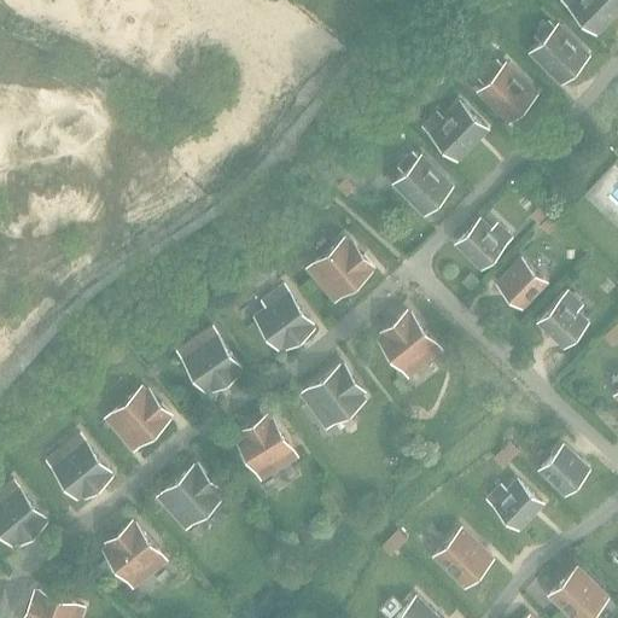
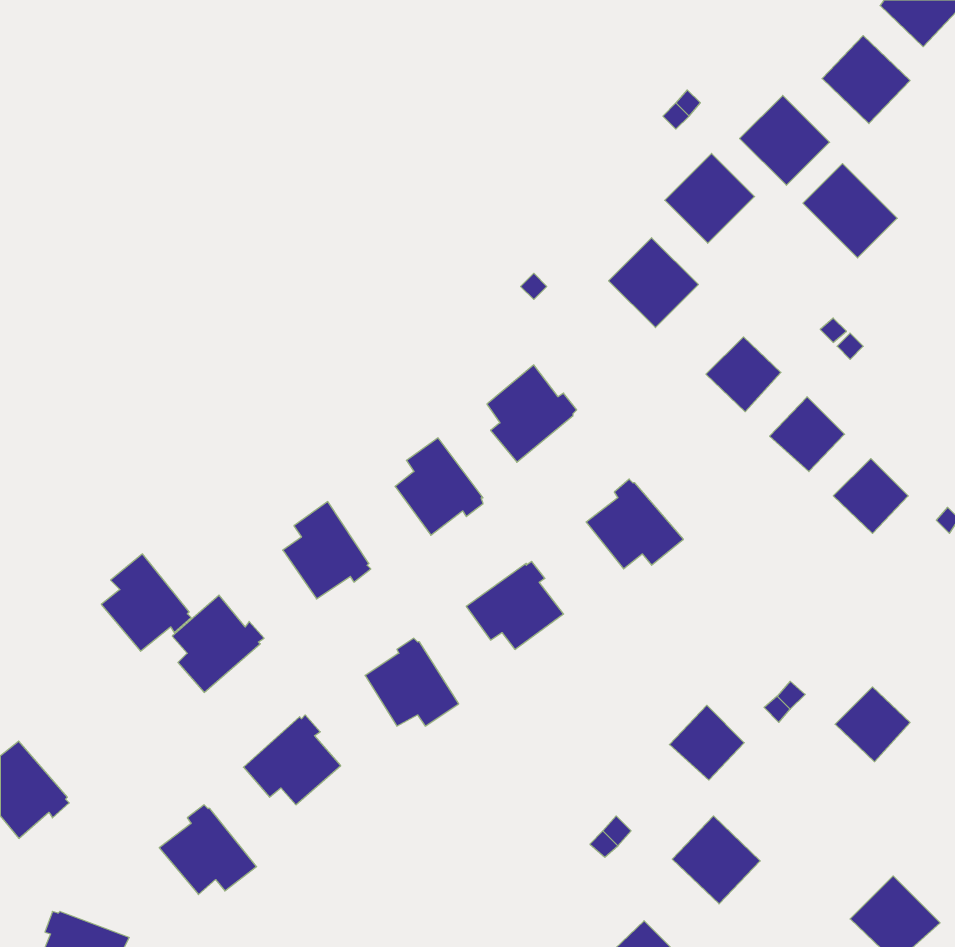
building: none -> [803,164,897,258]
building: [53,437,111,500] -> [101,554,191,651]
building: [494,483,542,531] -> [669,705,744,780]

